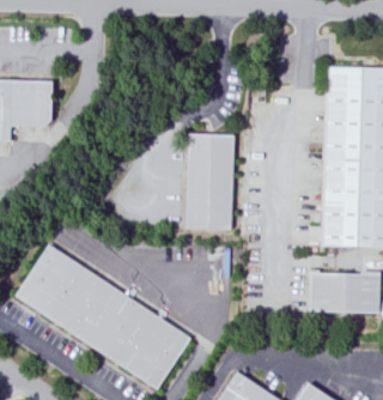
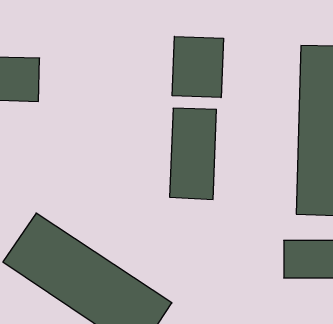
building: none -> [172,36,223,98]

